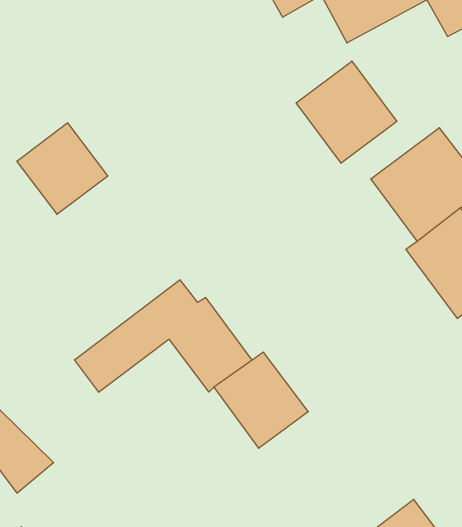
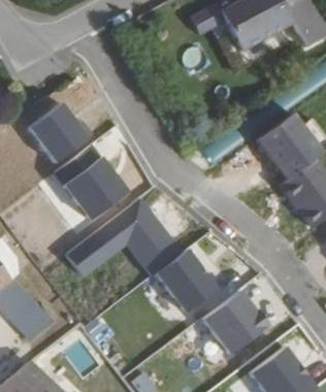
building: [296,61,397,163] -> none
building: none -> [54,145,124,219]
building: none -> [202,290,266,355]

